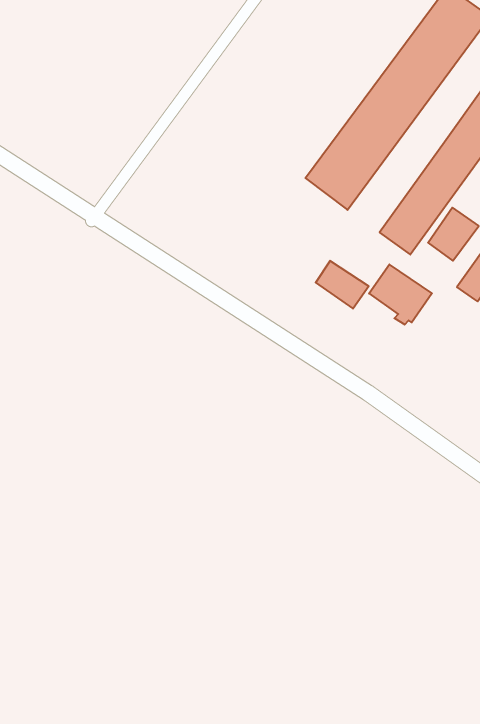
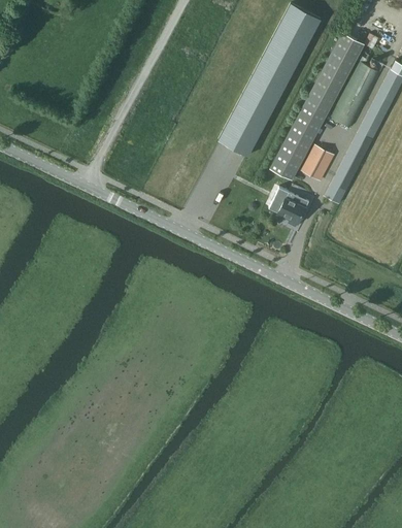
building: [316,261,369,309] -> none

